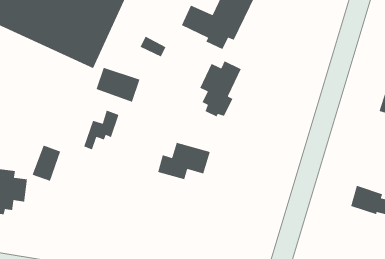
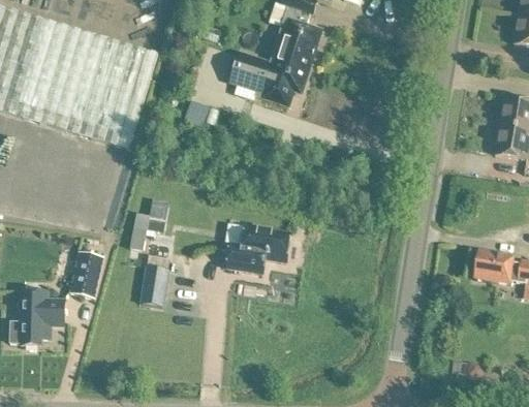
building: [199,60,242,118] -> none
building: [96,67,141,103] -> none
building: none -> [139,265,168,307]

